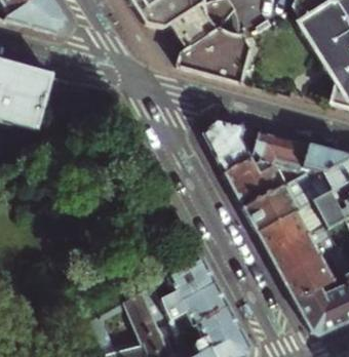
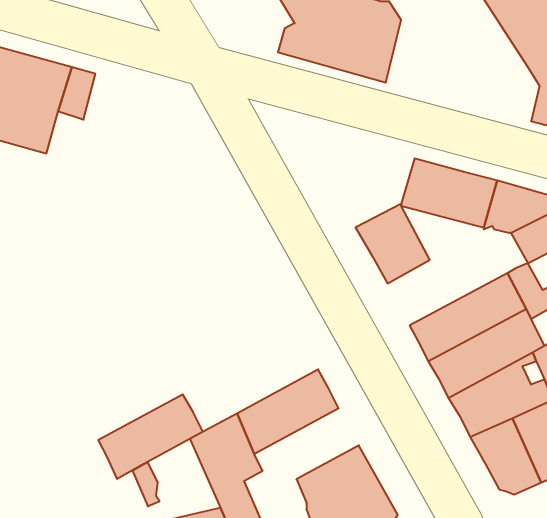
building: [203,118,260,171] -> none
building: [243,170,321,231] -> none
building: [162,281,226,332] -> [98,395,203,479]

